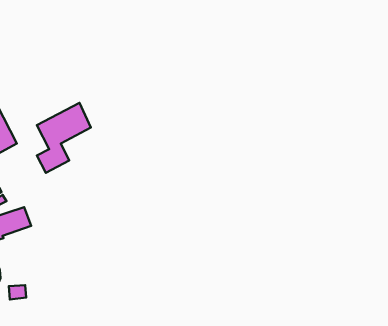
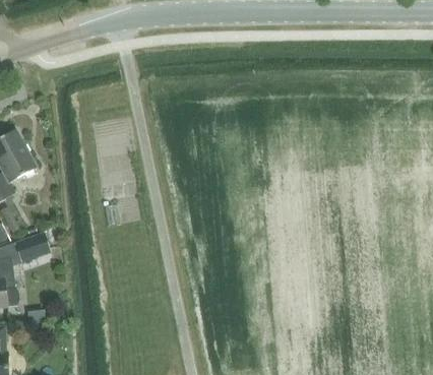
building: [37,103,91,173] -> none

